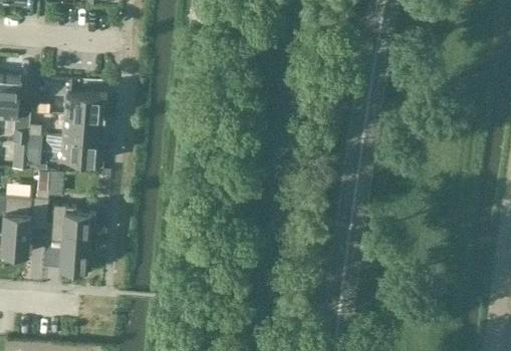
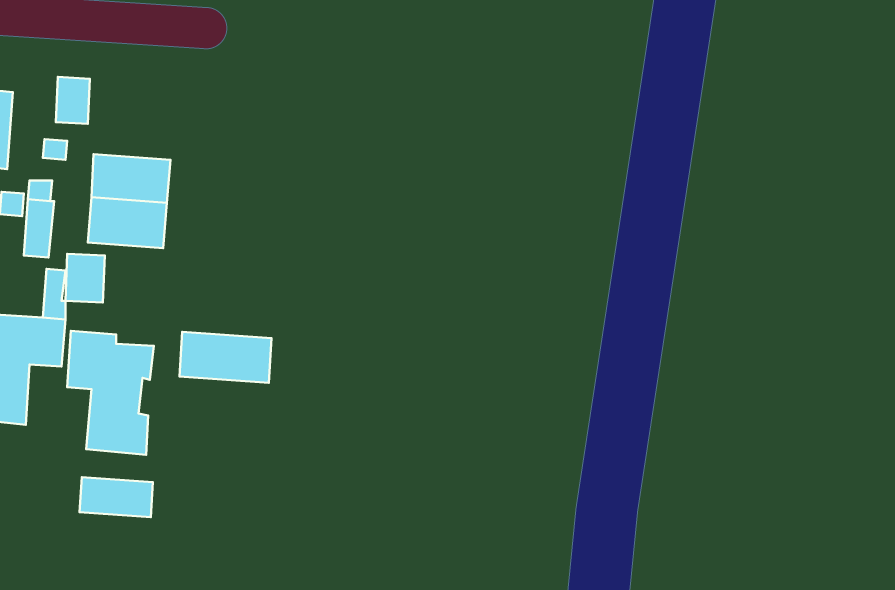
building: [60,92,102,115] -> none
building: none -> [179,332,271,383]
building: none -> [80,477,153,517]

